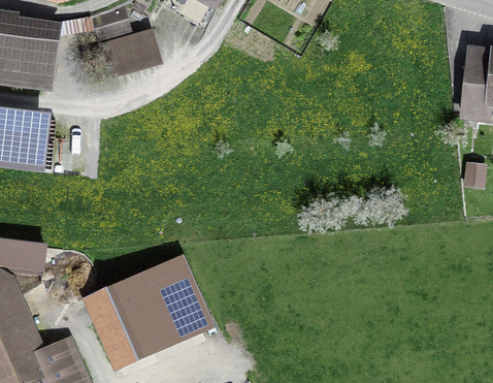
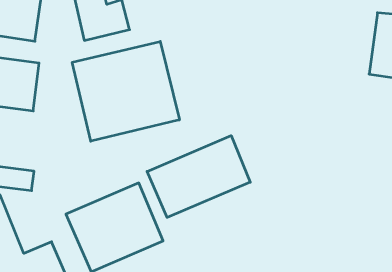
building: none -> [72,41,179,141]
building: none -> [147,136,250,217]

